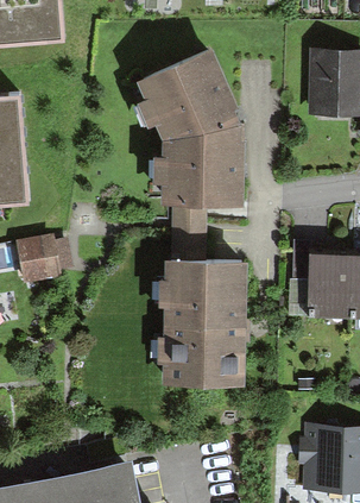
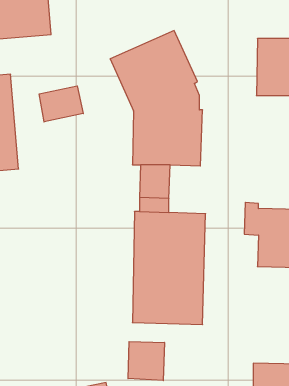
building: none -> [39,86,83,122]
building: [14,237,72,287] -> none
building: none -> [128,342,164,381]

